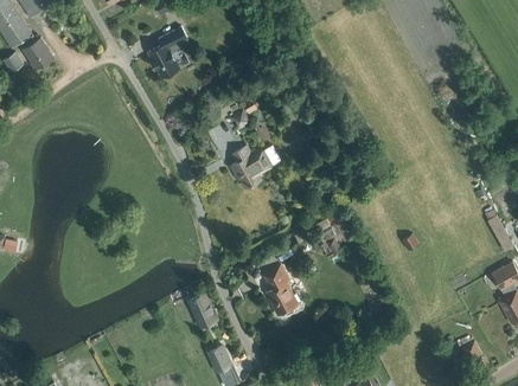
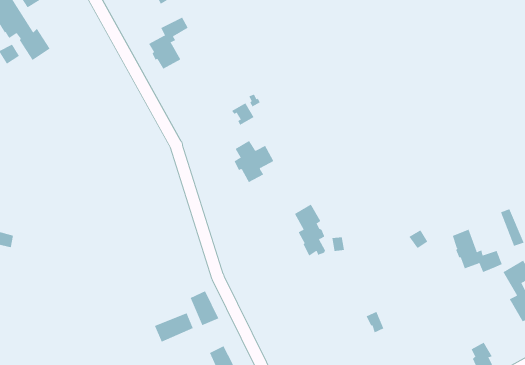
building: none -> [452,229,502,273]
building: [263,265,294,316] -> [294,204,326,257]
building: none -> [154,312,193,342]

